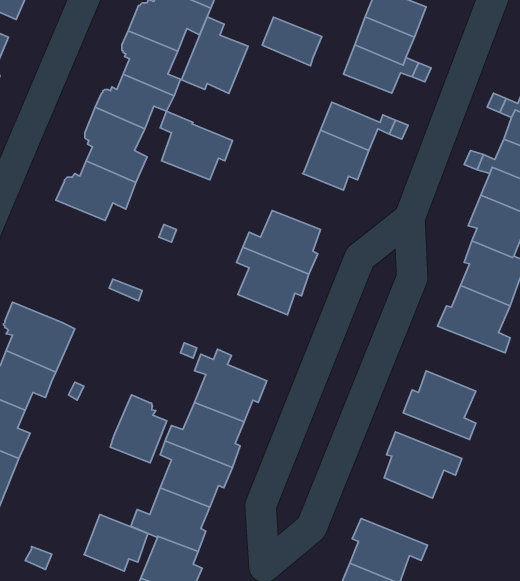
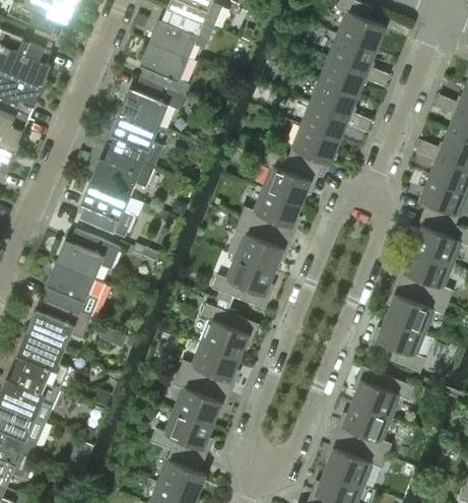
building: [181,17,248,93] -> none
building: [262,17,322,66] -> [311,79,358,118]
building: [160,111,233,180] -> [262,148,320,203]
building: none -> [83,180,134,236]
building: none -> [56,230,121,277]
building: none -> [212,255,275,308]
building: none -> [386,280,449,332]
building: [110,395,167,463] -> none
building: none -> [334,401,392,455]
building: [84,515,148,571] -> none

